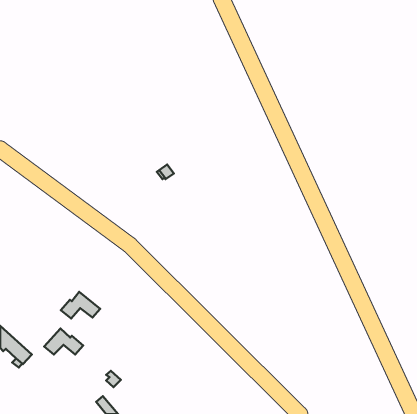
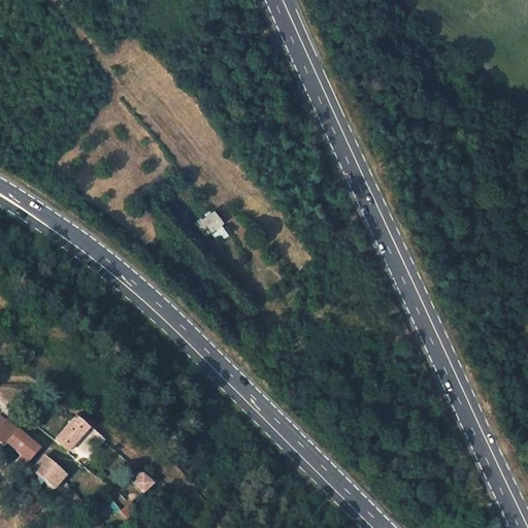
building: [61,292,100,319] -> none
building: none -> [33,456,65,487]

